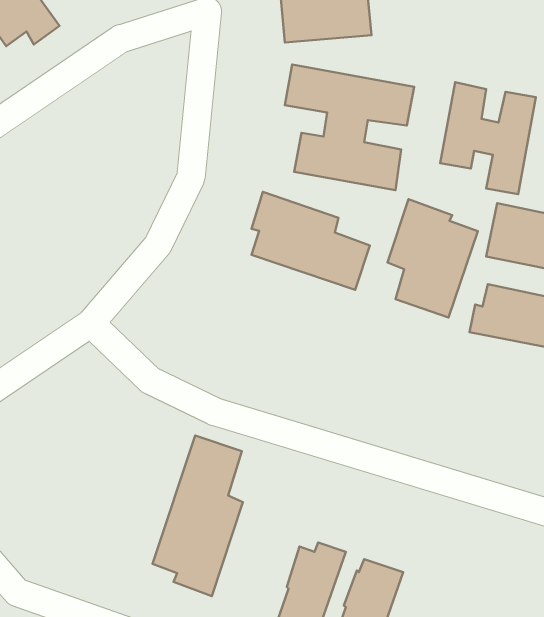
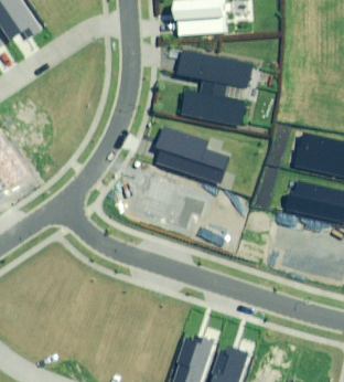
building: [440,82,536,194] -> none
building: [387,199,478,317] -> none
building: [152,435,243,596] -> none

